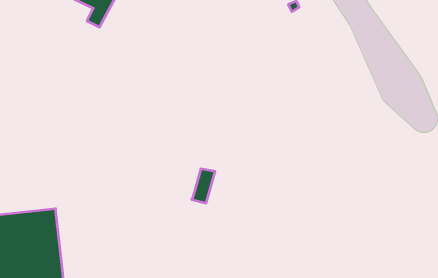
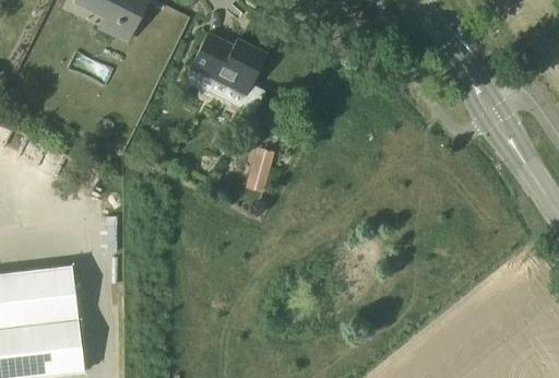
building: none -> [189,33,266,113]
building: [192,169,215,203] -> [246,151,274,192]

